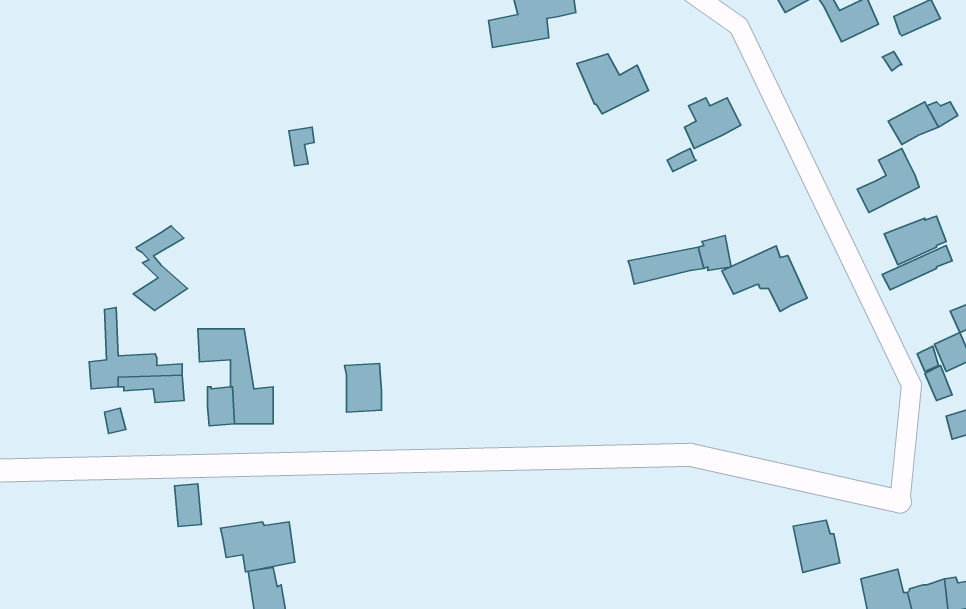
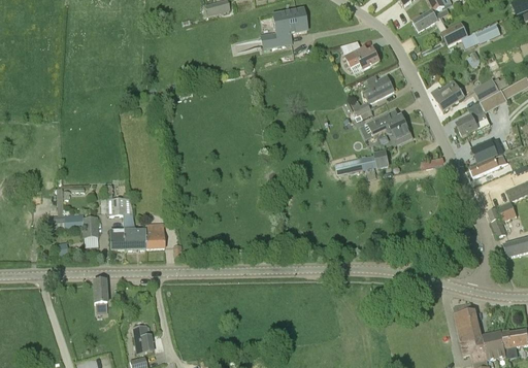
building: [577,54,649,114] -> [341,42,380,74]
building: none -> [431,80,465,111]
building: [133,226,187,310] -> none
building: [722,246,807,312] -> [367,110,412,145]
building: [345,364,381,412] -> [144,224,164,249]
building: [793,520,840,573] -> [453,304,477,332]
building: [221,522,295,572] -> none

